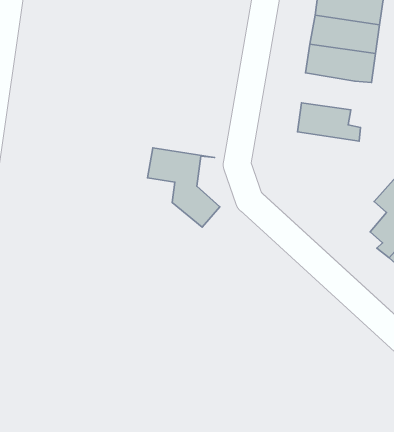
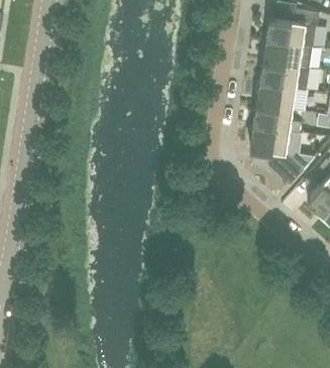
building: none -> [256,84,296,111]
building: [147,148,220,227] -> [249,127,303,186]

